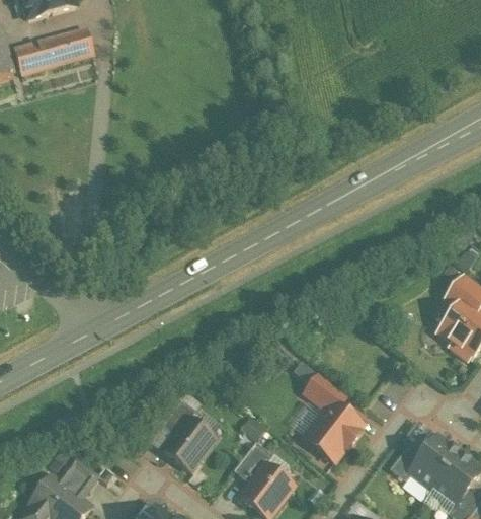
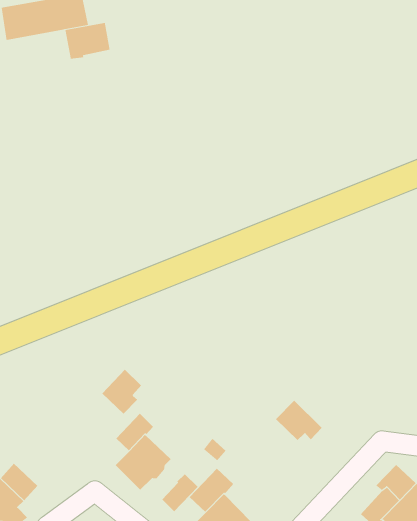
building: none -> [65,22,110,60]
building: none -> [101,369,142,415]
building: [309,402,362,461] -> none
building: none -> [161,474,199,512]

